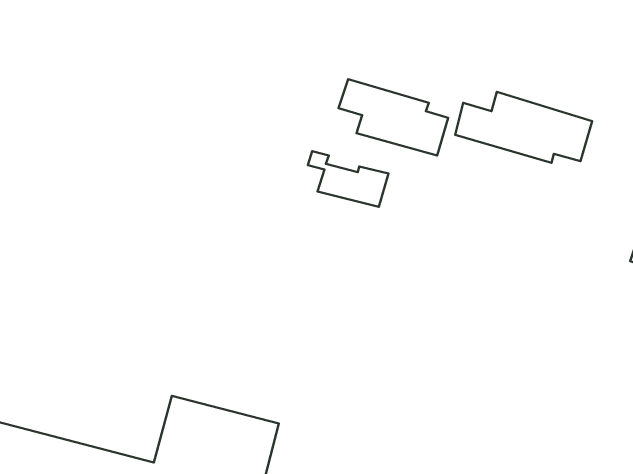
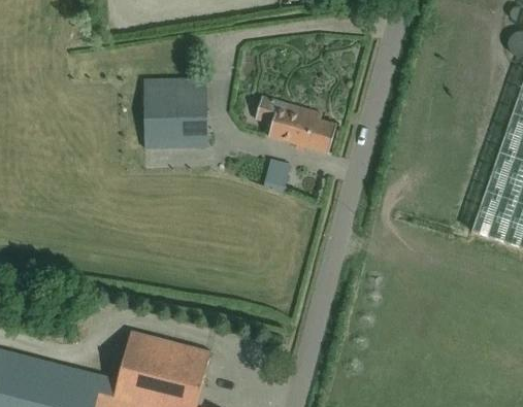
building: none -> [145,77,208,149]
building: [455,92,592,163] -> none

